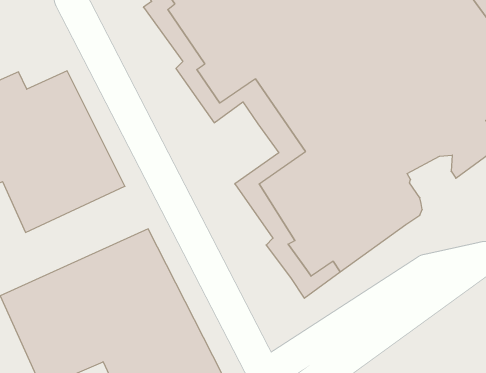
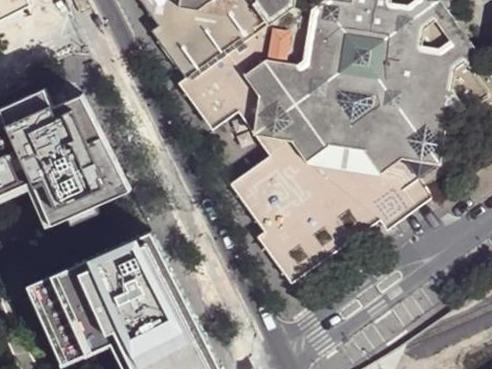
building: none -> [376,164,430,236]

